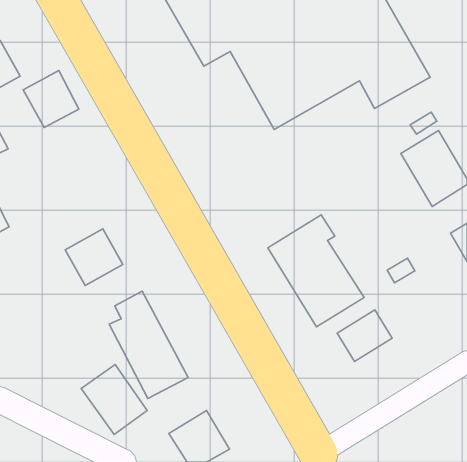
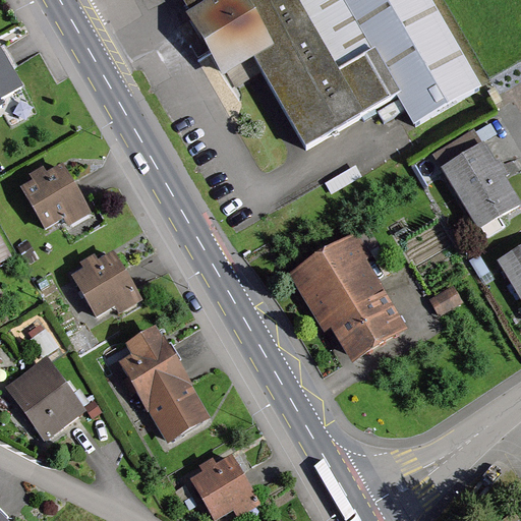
building: [23,70,79,127] -> [19,163,81,226]
building: [337,310,392,361] -> none
building: [81,365,147,434] -> [8,356,81,433]

